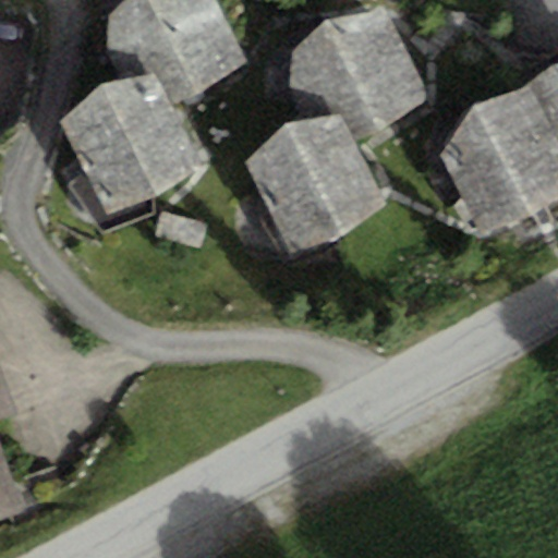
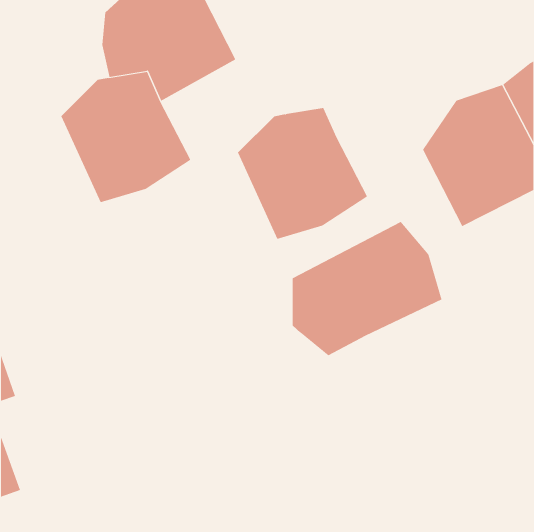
building: [290,9,430,144] -> none
building: none -> [292,221,442,356]

